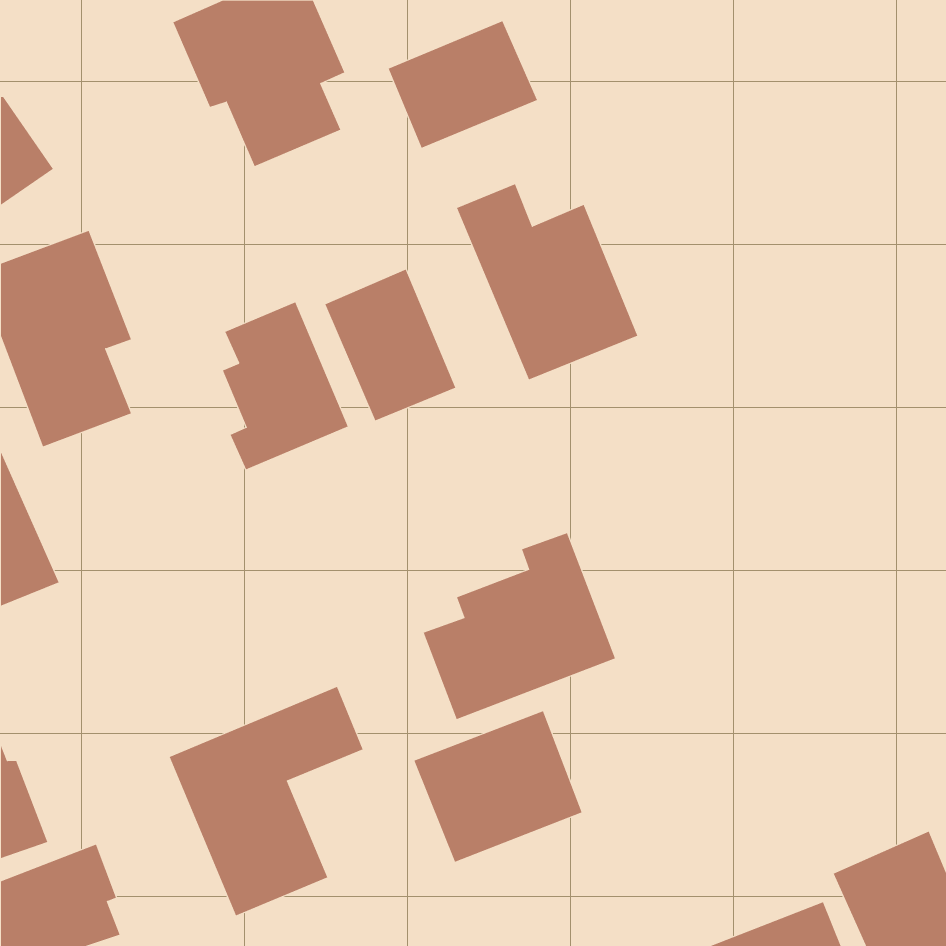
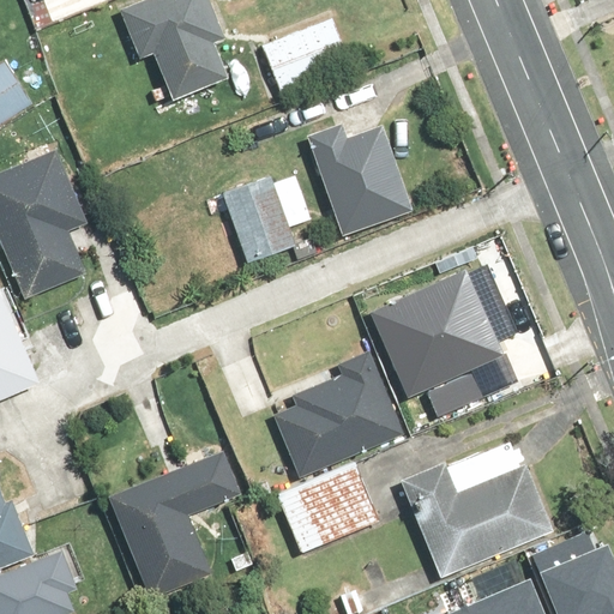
building: [222,302,348,470] -> none
building: none -> [379,269,504,411]
building: none -> [397,440,553,585]

